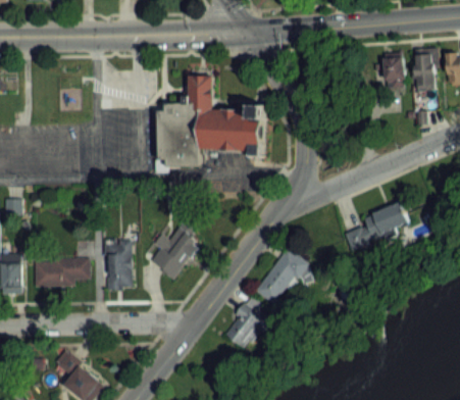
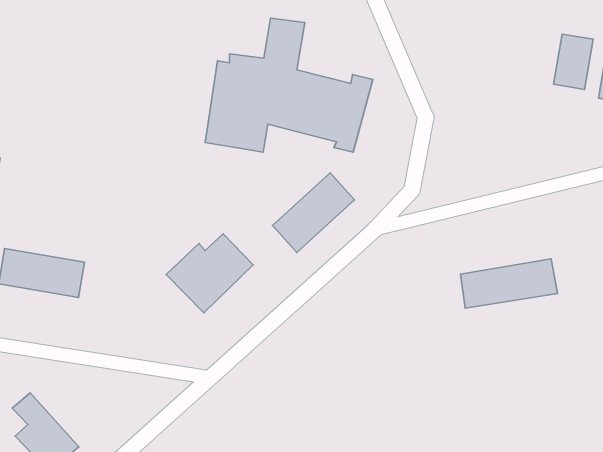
building: [106,243,132,287] -> none
building: [255,248,307,305] -> [272,173,354,253]
building: [223,302,270,350] -> none

